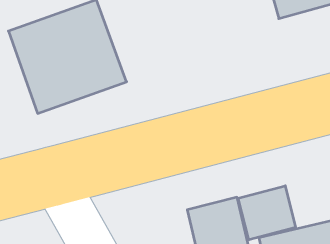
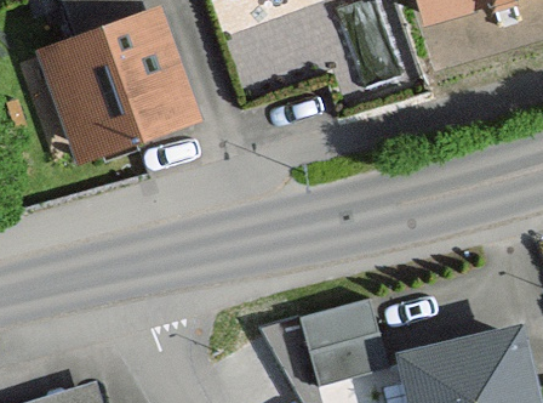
building: [238,186,296,240] -> none

